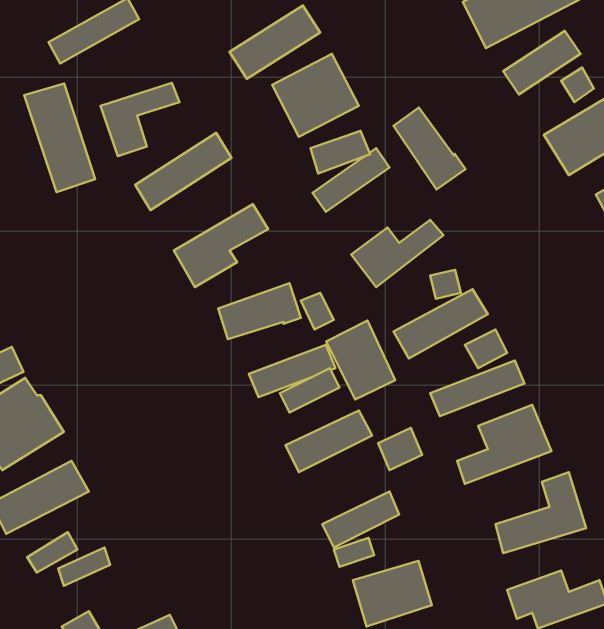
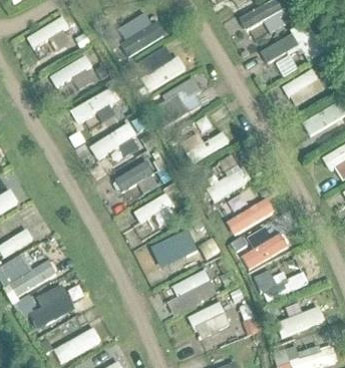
building: [24,84,95,192] -> none
building: [394,107,466,190] -> none
building: [326,321,395,400] -> none

